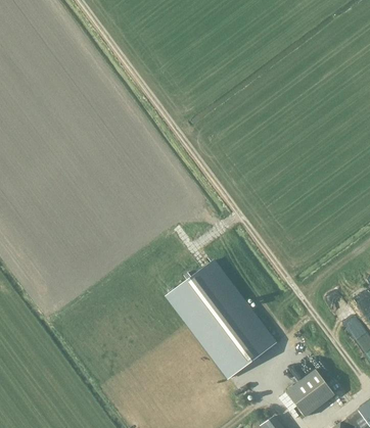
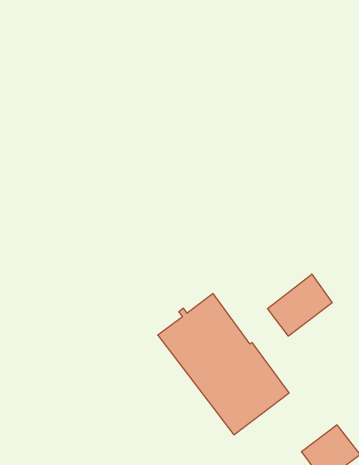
building: none -> [267,274,332,336]

